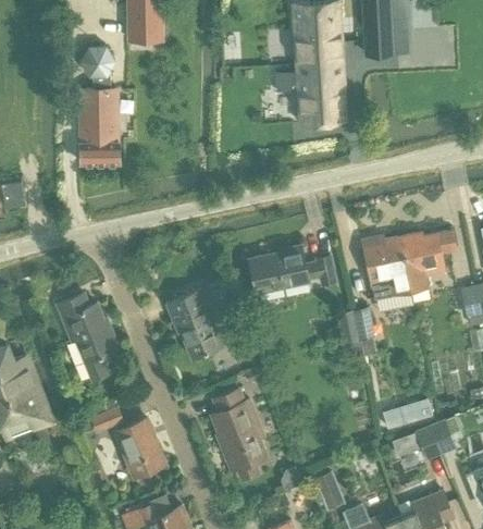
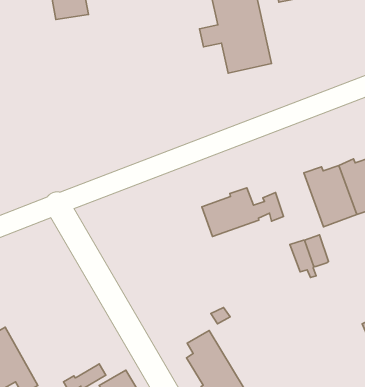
building: [79,45,119,163] -> none
building: [165,288,223,358] -> none
building: [57,293,115,380] -> none

